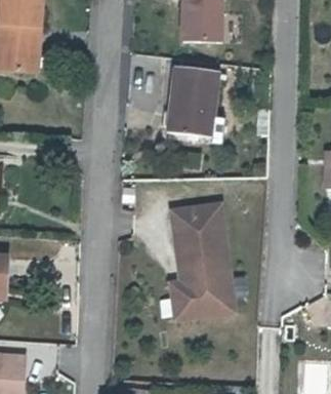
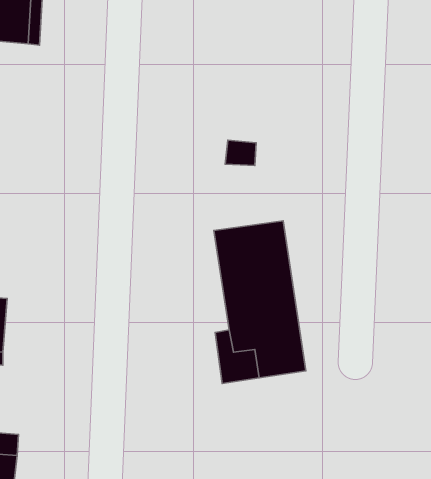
building: [172,61,221,134] -> none

